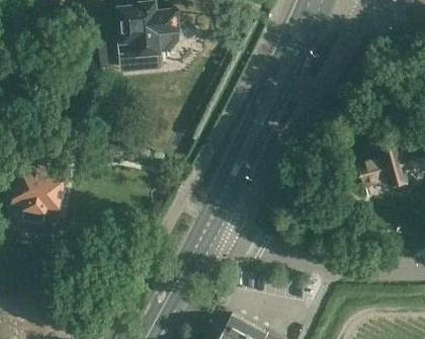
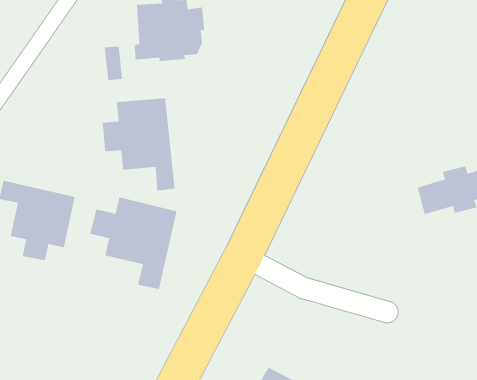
building: none -> [102,97,175,191]
building: none -> [90,196,177,290]

